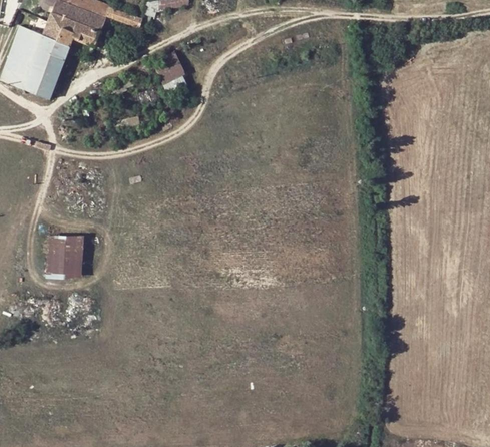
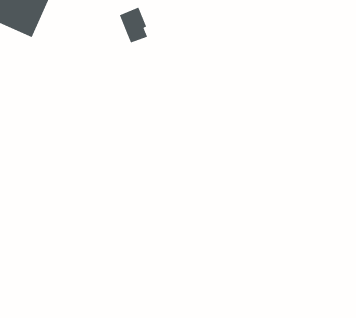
building: [44,234,82,278] -> none

